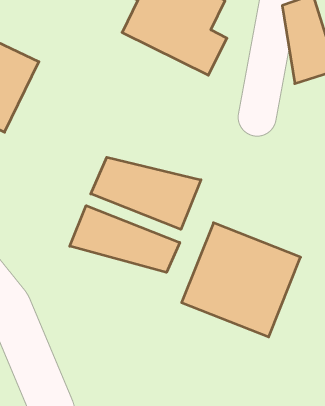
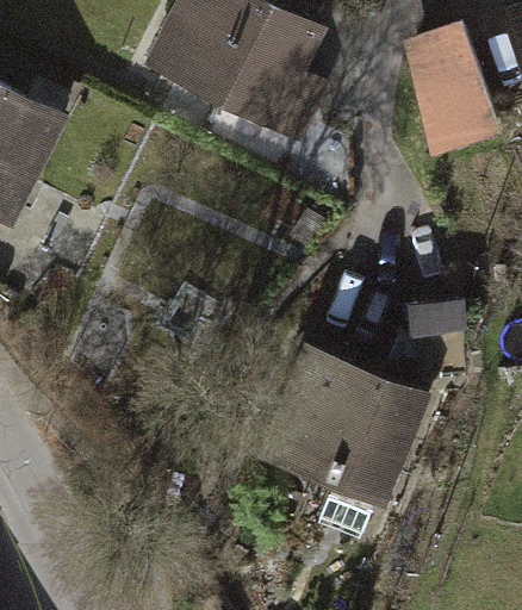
building: [91,157,201,229] -> none
building: [70,206,180,272] -> none

